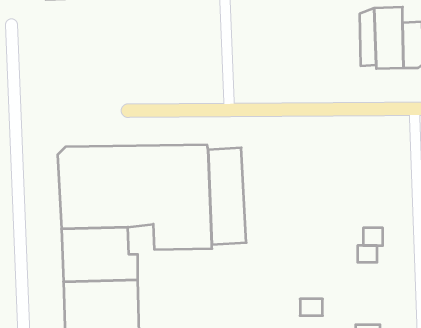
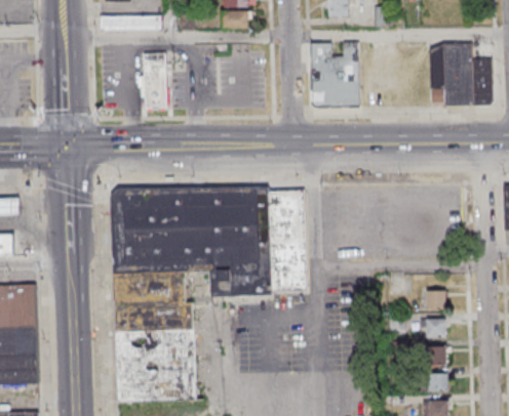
building: none -> [313,42,363,107]
building: none -> [139,50,168,110]
building: [363,228,383,246] -> [424,319,444,337]
building: [300,299,323,316] -> [424,346,447,364]

